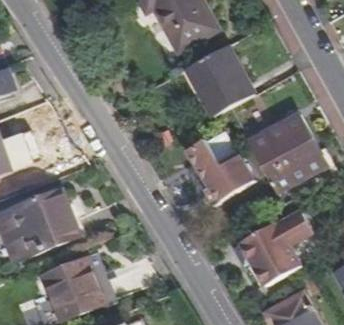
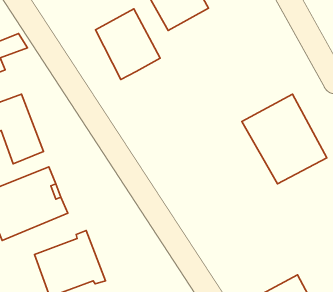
building: [189,45,253,115] -> [96,9,160,79]
building: [197,153,254,201] -> none
building: [241,212,313,286] -> none

